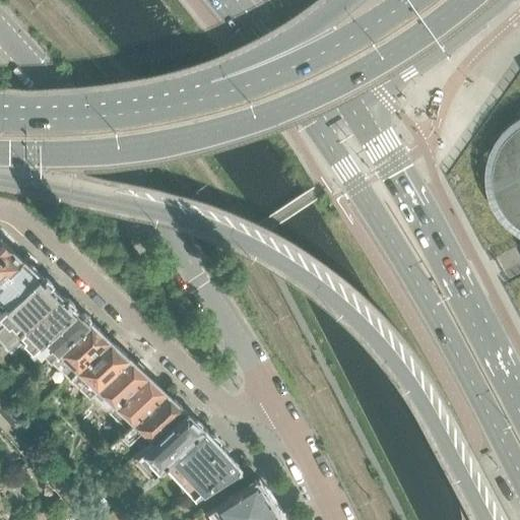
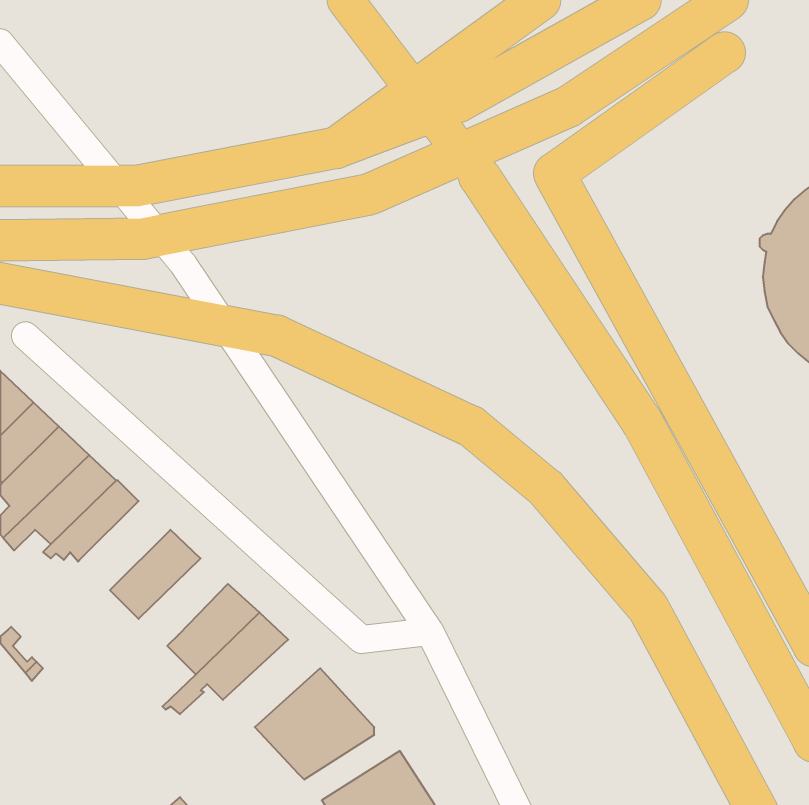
building: [54,325,112,382] -> none
building: [91,362,148,417] -> none
building: [136,413,207,479] -> none

